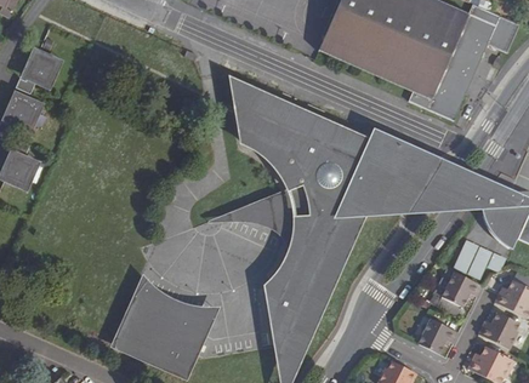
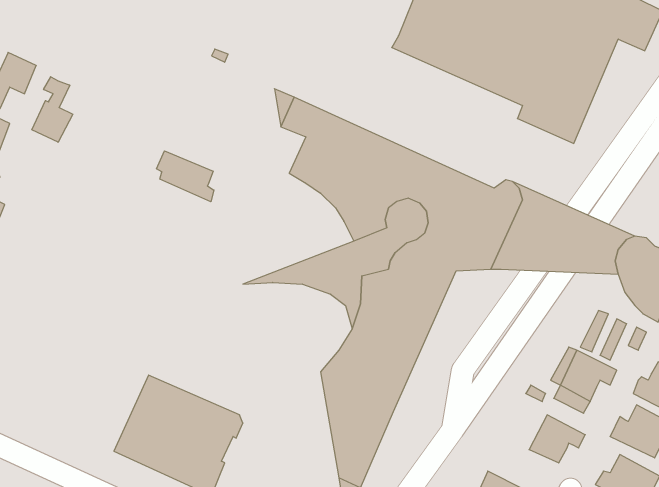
building: none -> [32,77,73,142]
building: none -> [157,151,214,202]
building: [138,278,215,324] -> none

